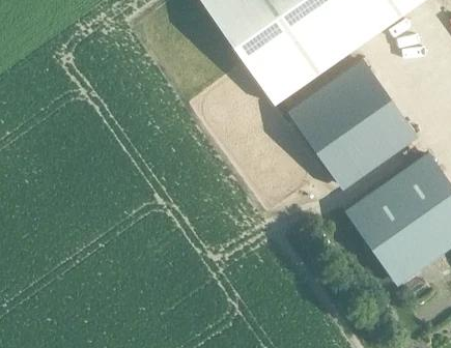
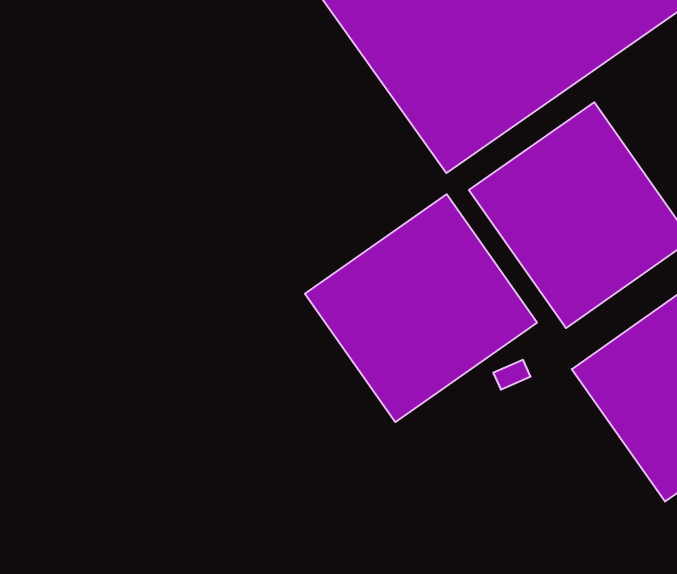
building: none -> [305,194,537,422]

